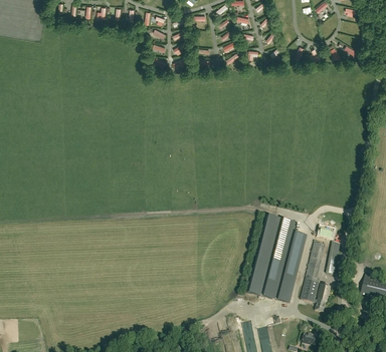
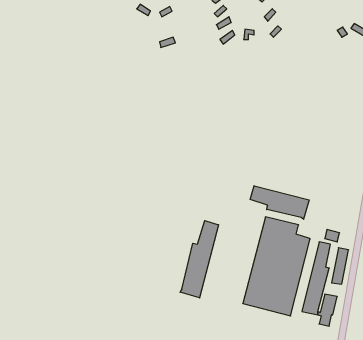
building: none -> [250,186,309,219]
building: none -> [180,221,219,298]

